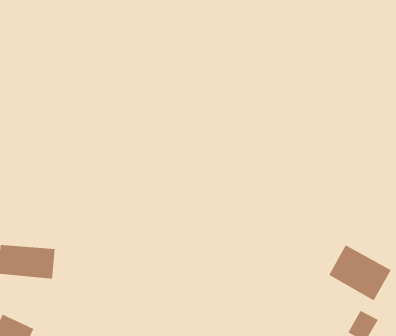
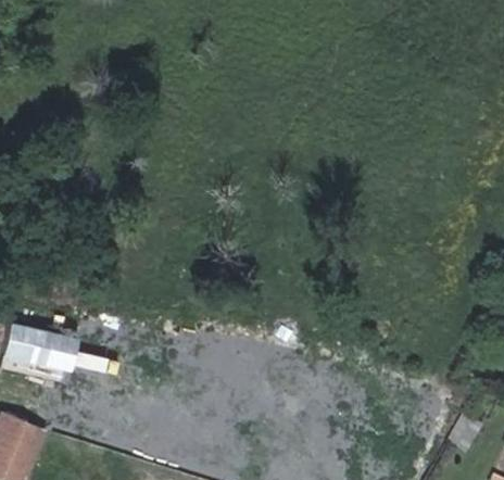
building: [329,245,391,301] -> none

